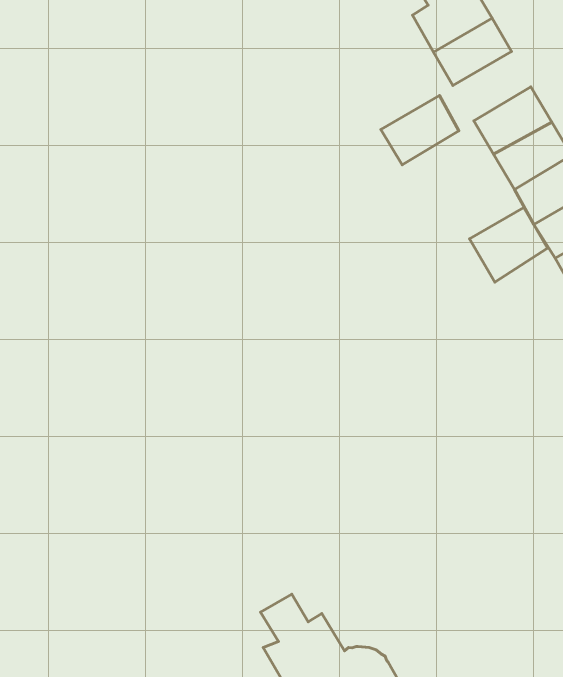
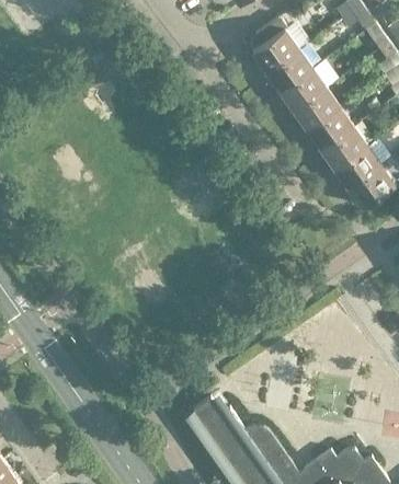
building: [381,96,459,165] -> [278,67,324,110]
building: [470,208,548,282] -> none

